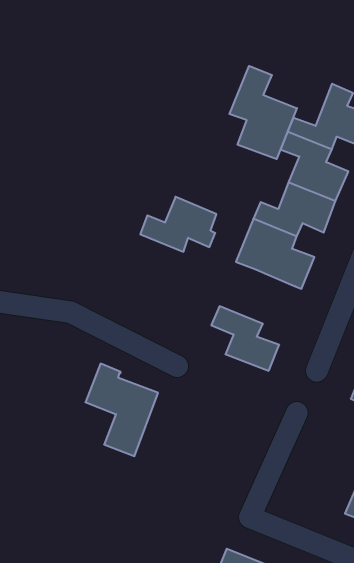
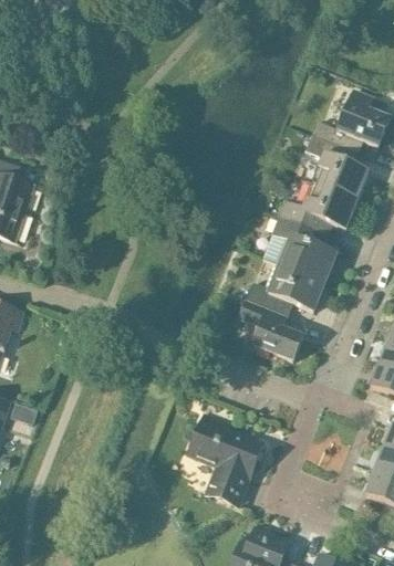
building: [229,66,297,159] -> none
building: [140,197,216,252] -> [247,262,319,314]
building: [85,364,158,456] -> [190,415,259,502]

